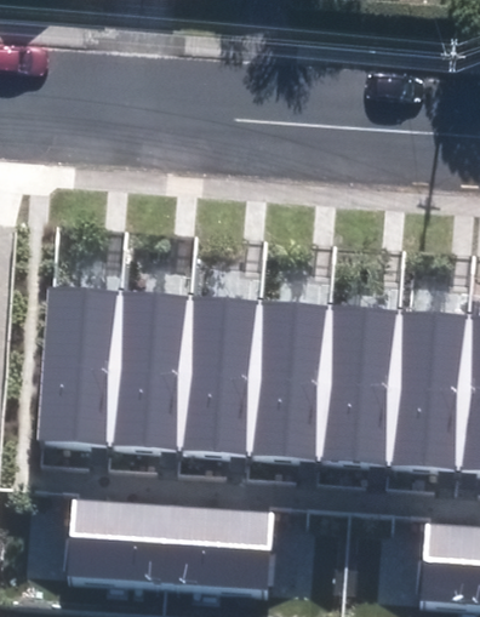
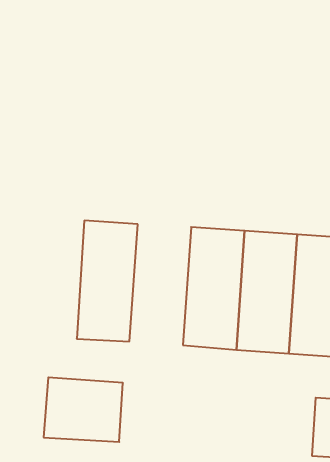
building: [38,290,120,447] -> none
building: [179,297,261,456] -> none
building: [166,505,276,590] -> none

